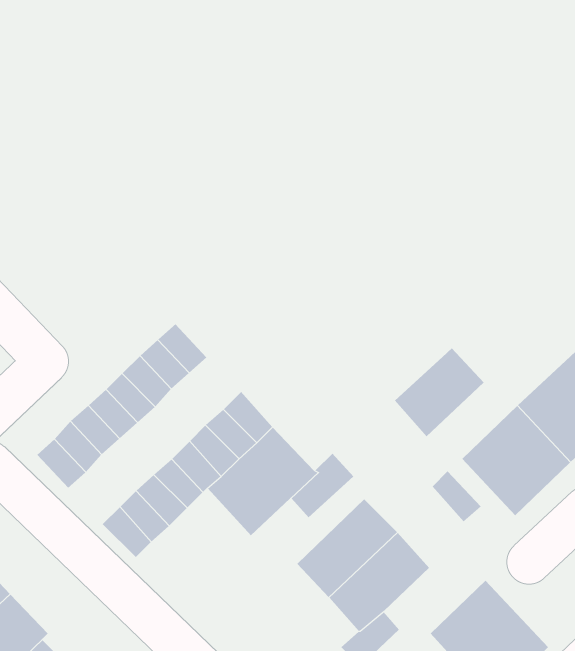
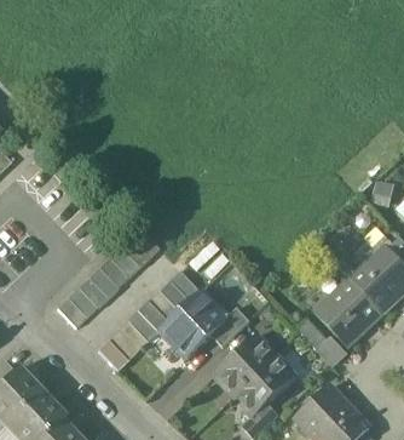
building: [394,348,484,437] -> none

